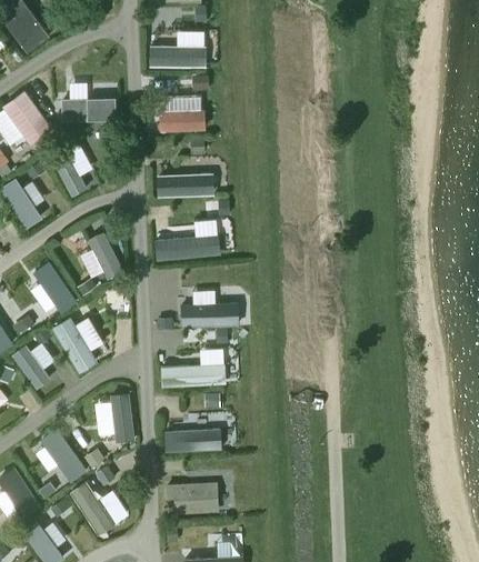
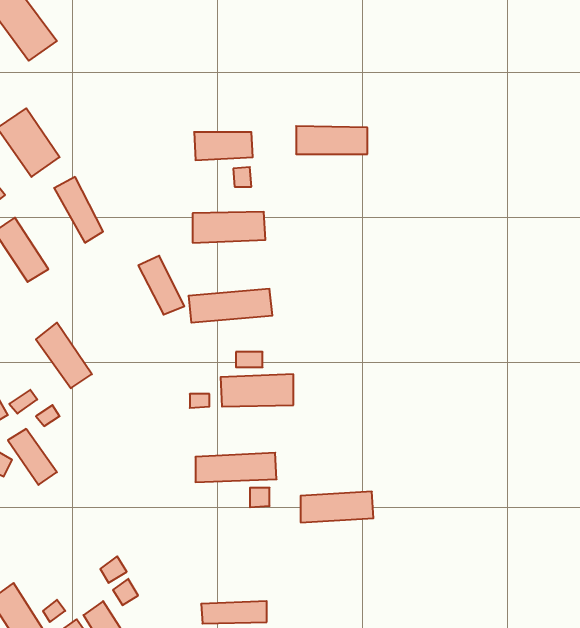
building: [149,44,206,67] -> [296,126,367,154]
building: [61,99,114,121] -> none
building: [87,232,123,279] -> [138,256,184,315]
building: [51,318,98,374] -> none
building: [109,393,133,443] -> none
building: [39,428,87,483] -> none
building: [162,429,220,453] -> [301,492,373,522]

